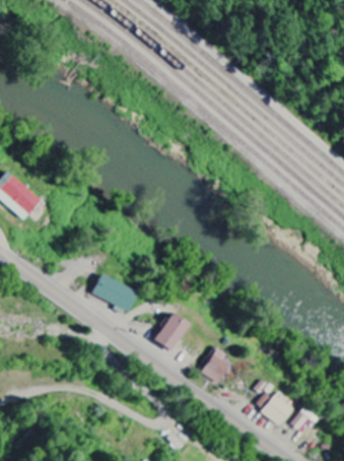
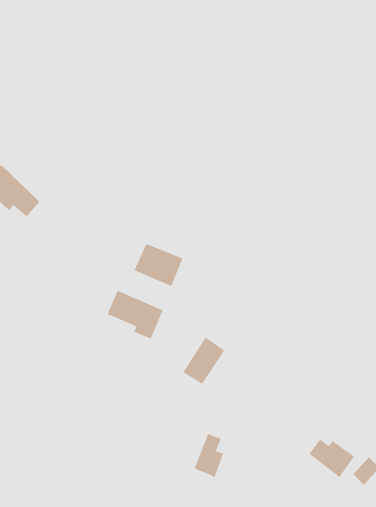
building: none -> [134,243,183,287]
building: [204,346,228,382] -> [194,433,224,477]

